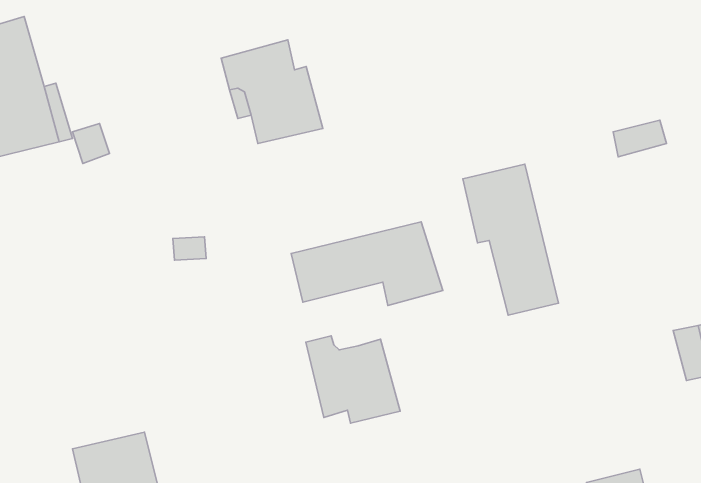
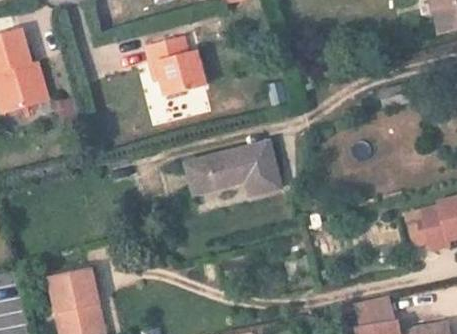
building: [463,164,559,315] -> none
building: [306,336,400,423] -> none

